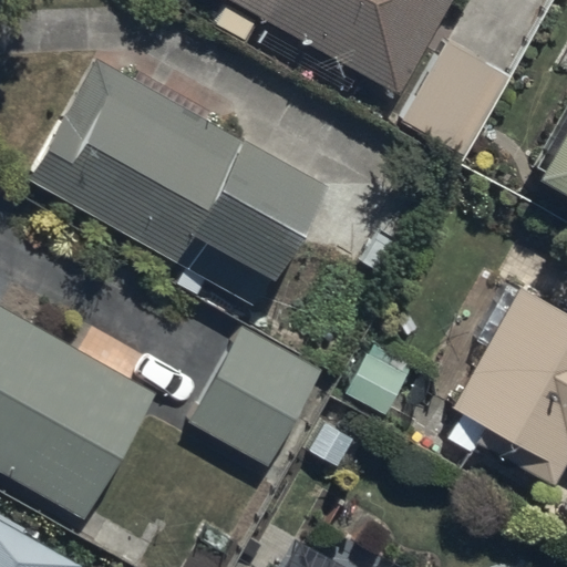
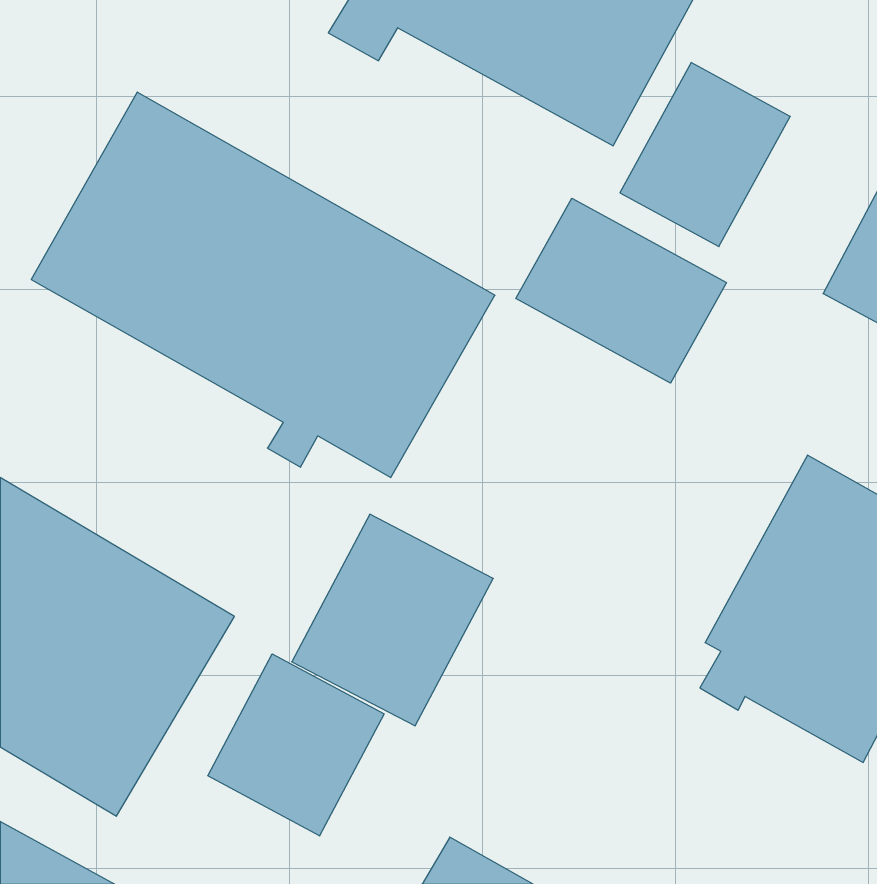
building: none -> [516,198,726,383]
building: none -> [208,654,384,836]

